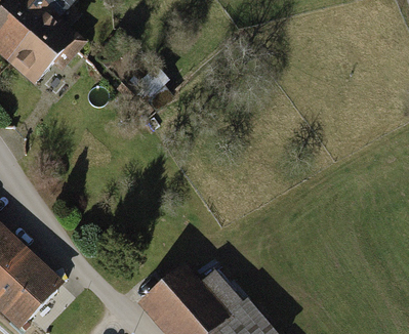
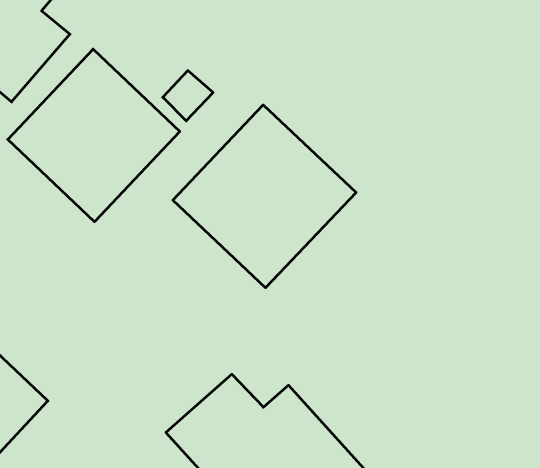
building: none -> [8,49,180,222]
building: none -> [173,105,356,288]

